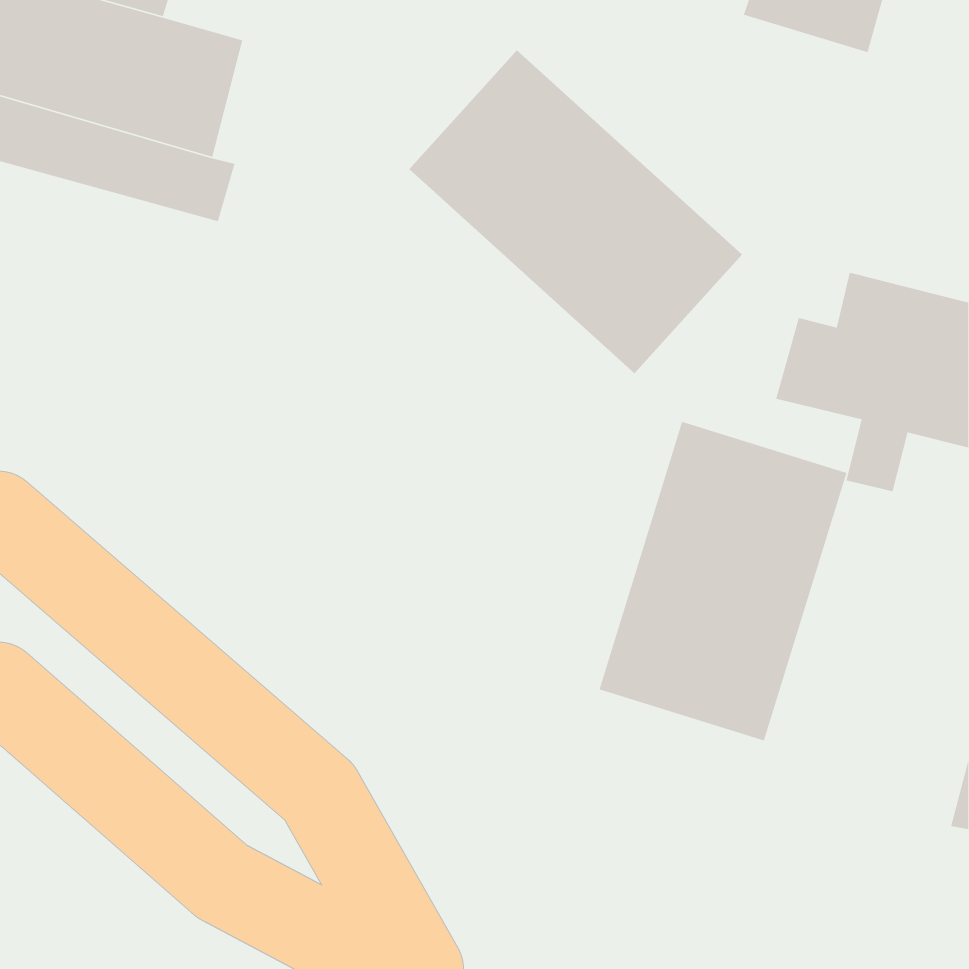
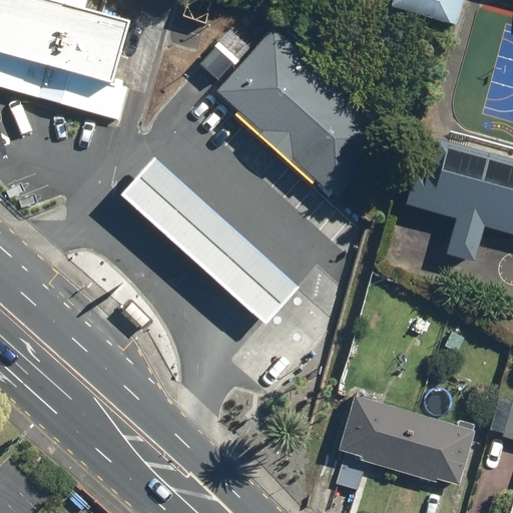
building: none -> [120,158,298,325]
building: [599,421,848,741] -> none
building: none -> [334,393,476,489]

